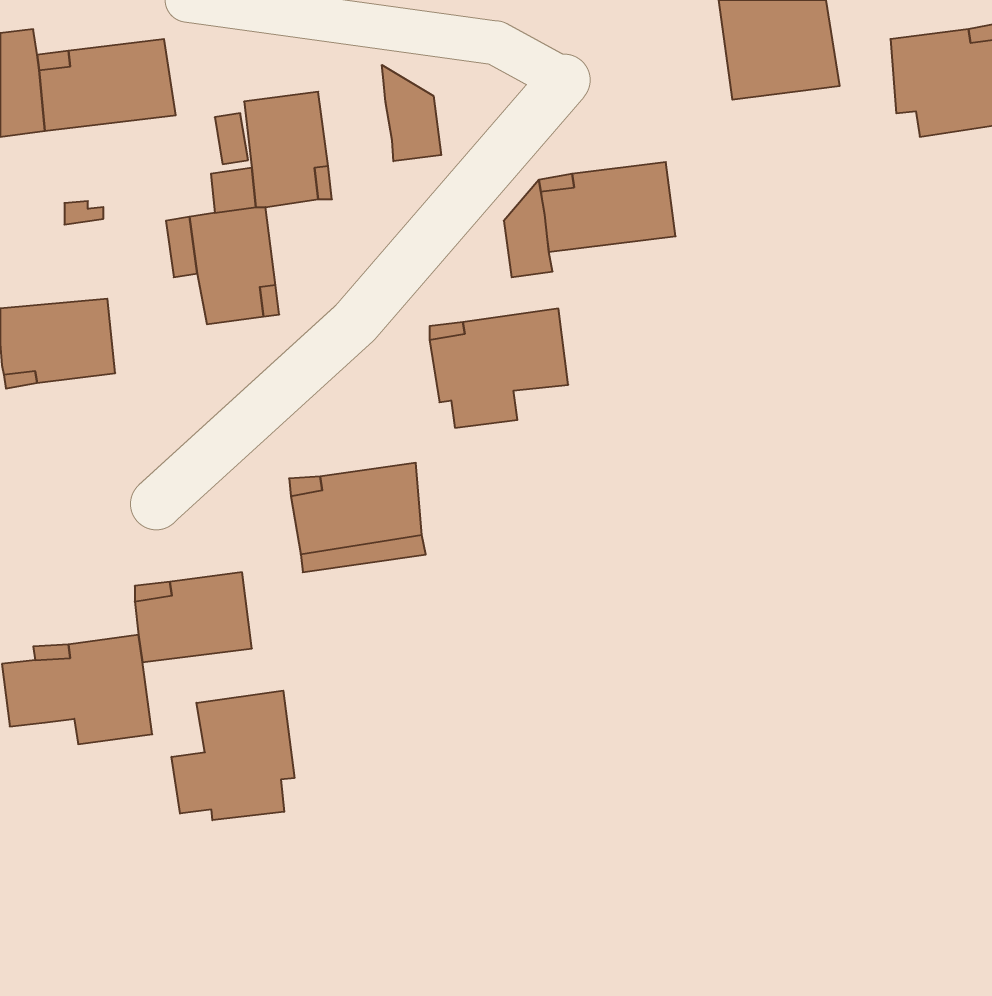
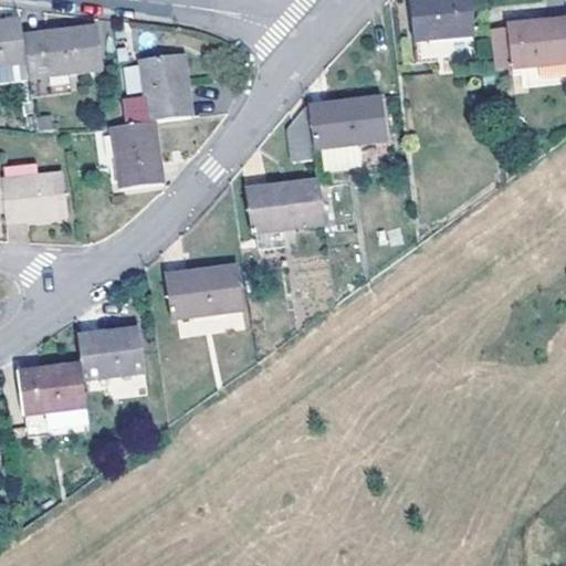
building: [382,65,441,161] -> none
building: [172,691,294,820] -> none

